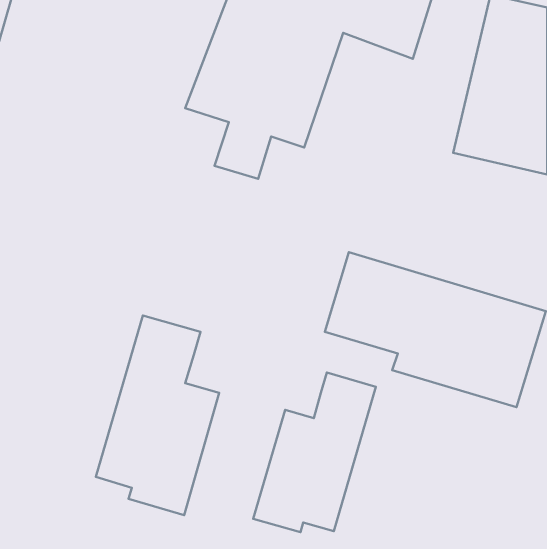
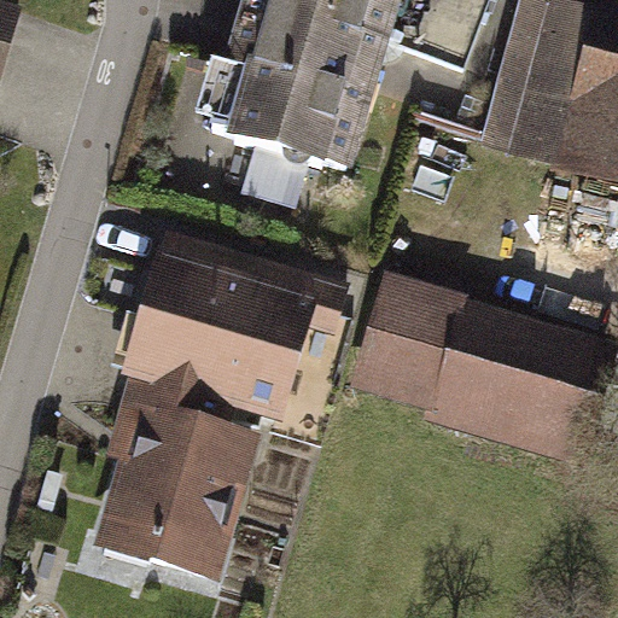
building: none -> [128,228,337,409]
building: [253,372,376,532] -> none

